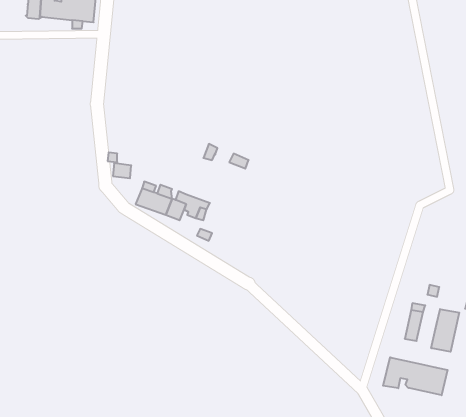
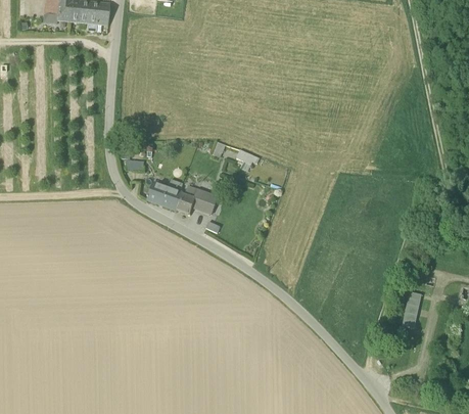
building: [431,309,459,352] -> none
building: [383,357,448,395] -> none

